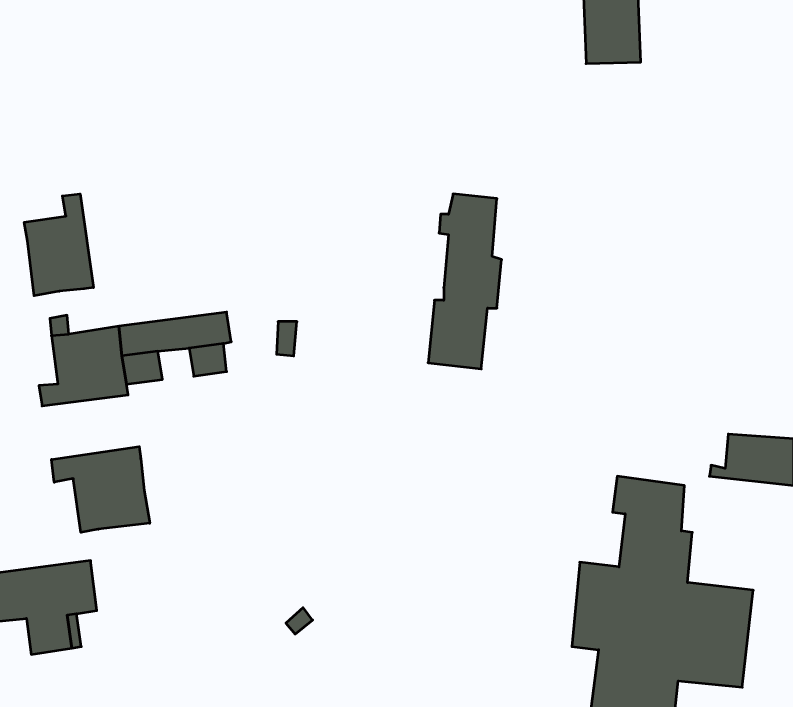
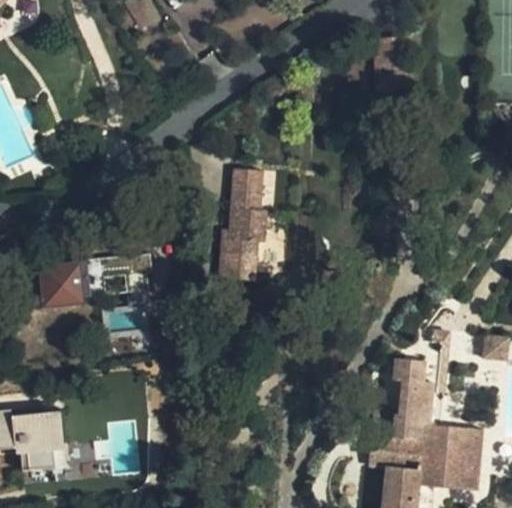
building: [24,194,93,296] -> none
building: [428,194,502,369] -> [218,170,265,282]
building: [52,447,150,532] -> none

